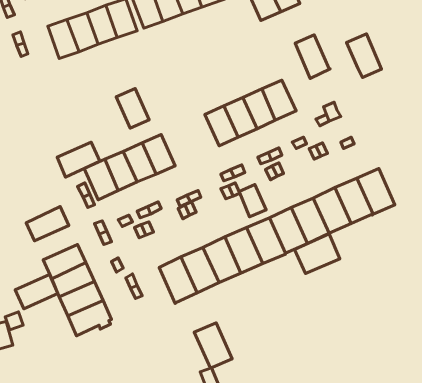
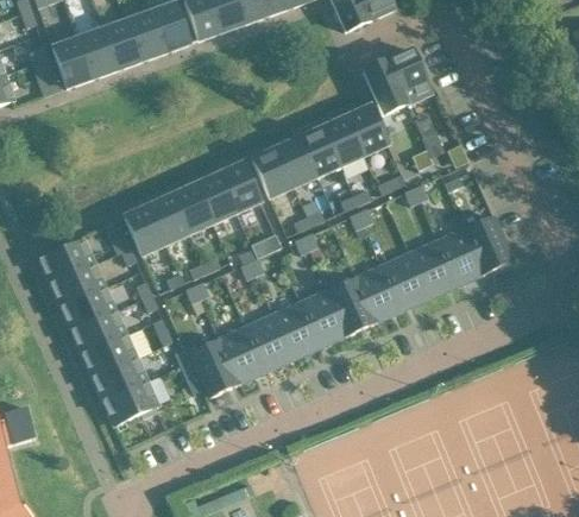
building: none -> [52,37,93,87]
building: [346,34,382,78] -> [363,58,407,113]
building: [116,88,149,128] -> [220,162,262,212]
building: none -> [251,147,292,197]
building: [57,142,100,177] -> [40,239,94,283]
building: [239,184,266,217] -> none
building: [294,234,340,274] -> none
building: [15,275,58,309] -> [62,286,115,329]
building: [194,323,232,368] -> [190,339,238,396]

